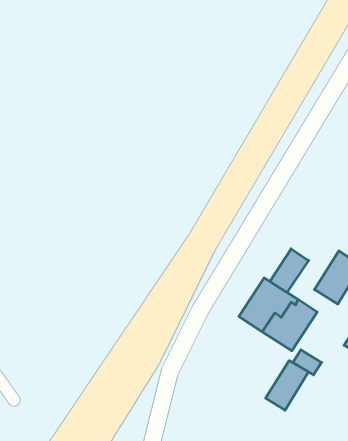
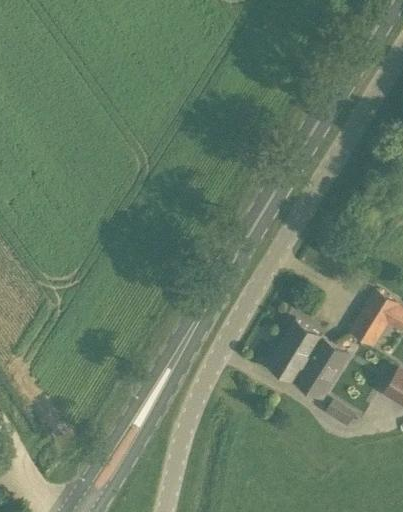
building: [270,249,309,292] -> none
building: [266,361,308,410] -> none

